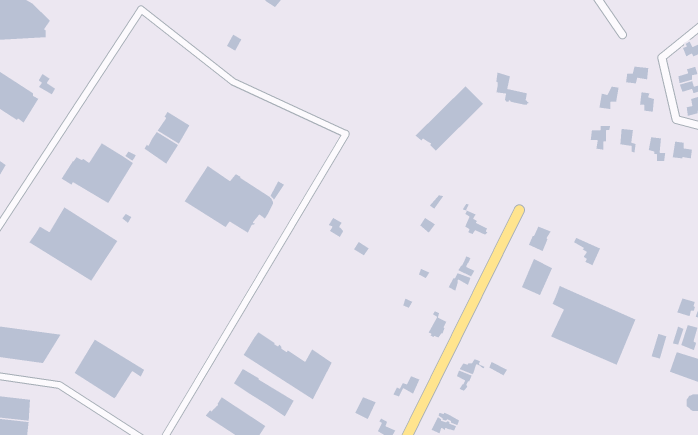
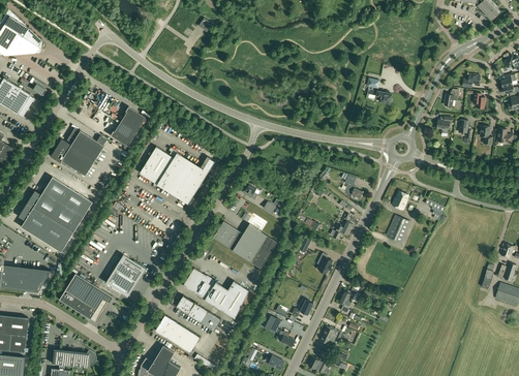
building: [415,86,484,152] -> none
building: none -> [19,203,72,252]
building: none -> [213,224,269,262]
building: [549,285,637,366] -> none
building: none -> [105,255,146,297]

